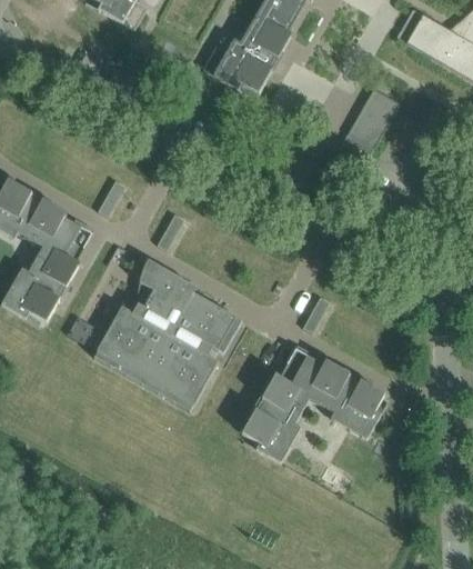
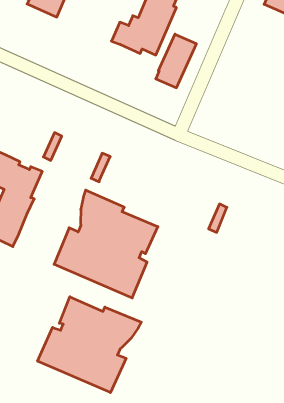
building: [342,88,400,158] -> [156,34,196,88]
building: [242,345,384,462] -> none
building: none -> [38,297,141,393]

